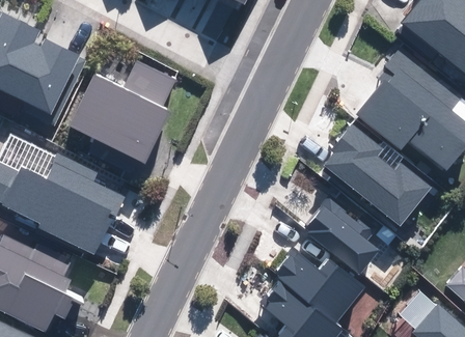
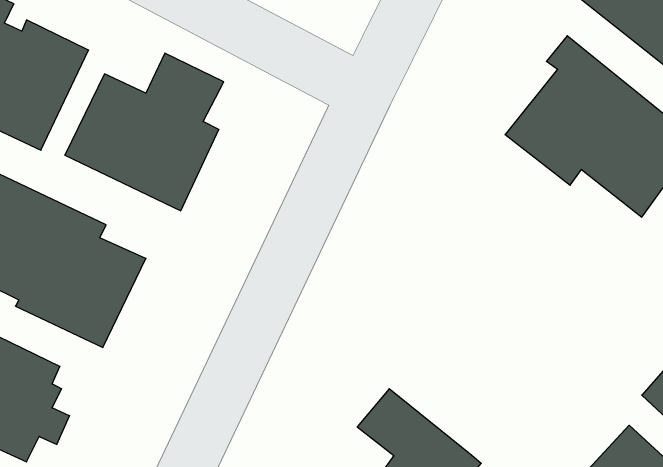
building: [325,124,431,225] -> none
building: [305,195,378,273] -> none
building: [276,251,365,325] -> none

